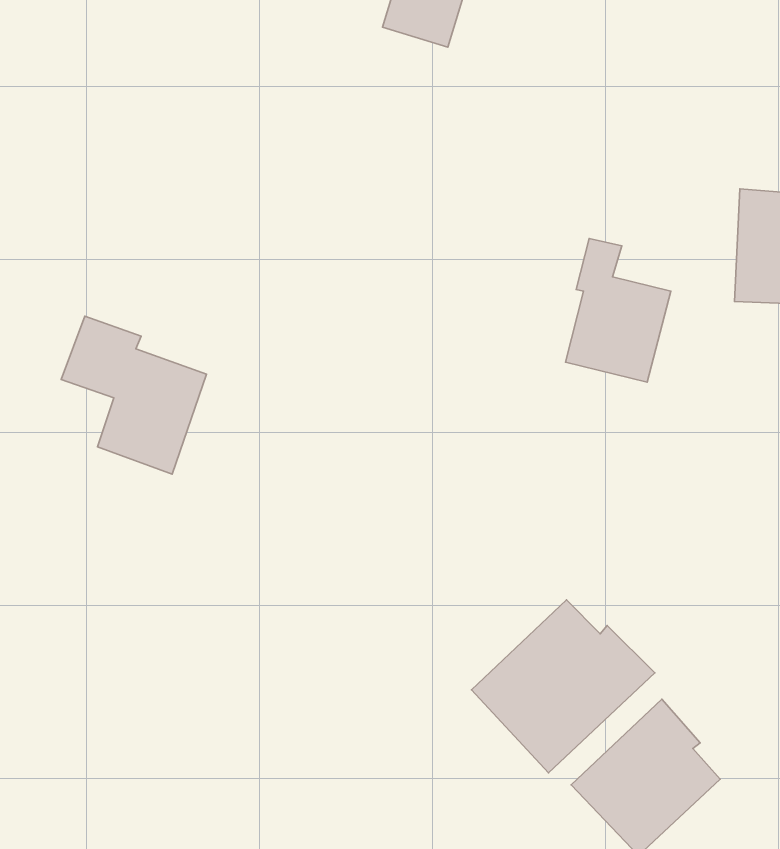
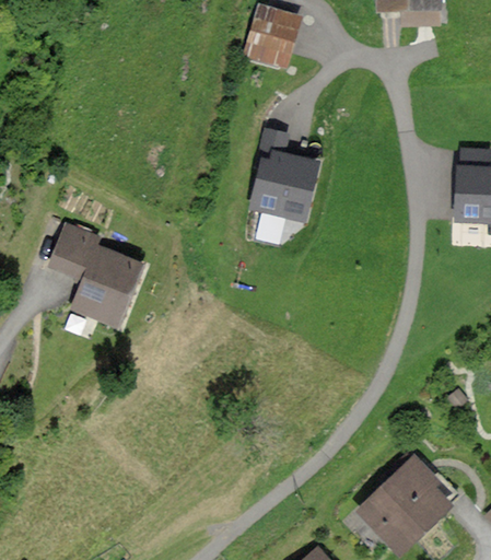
building: [565,239,671,382] -> [253,131,316,218]
building: [471,600,655,773] -> none

